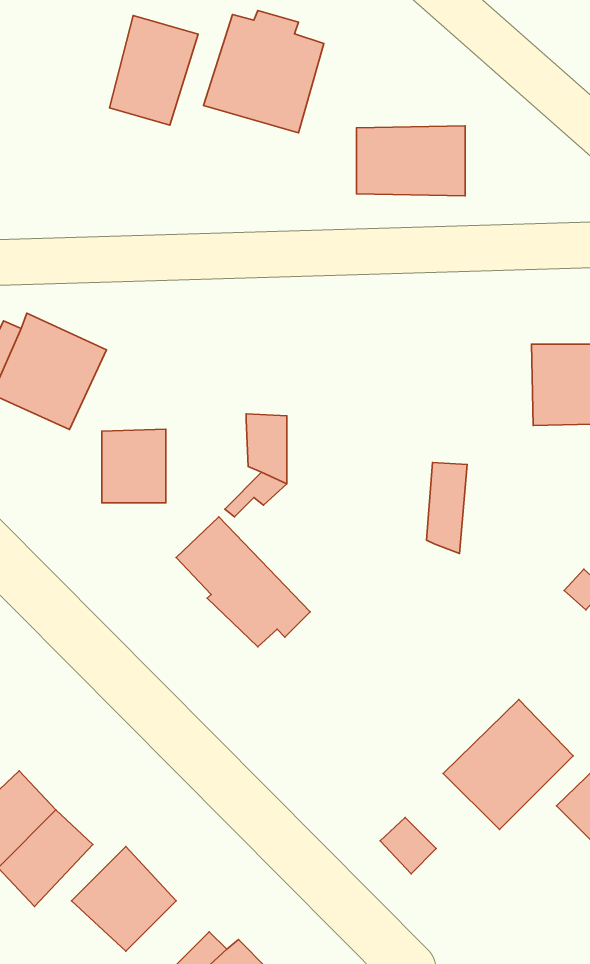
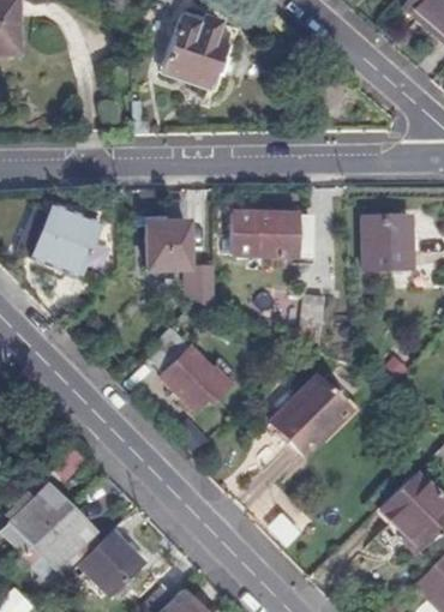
building: [109,16,198,125] -> none
building: [356,126,465,196] -> [244,211,311,254]
building: [102,429,166,503] -> [148,222,187,268]
building: [443,700,573,830] -> [271,374,352,455]

